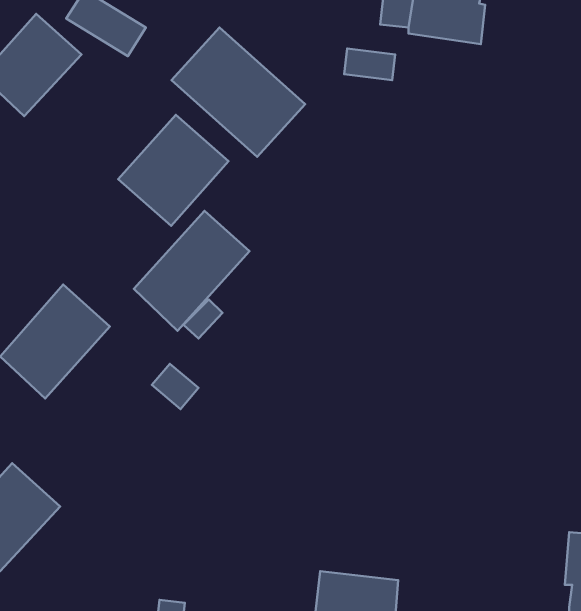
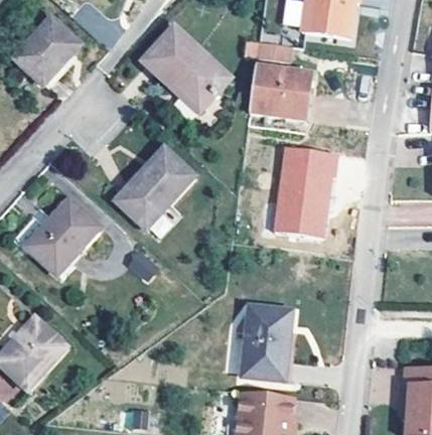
building: none -> [248,66,309,119]
building: [118,115,229,226] -> none
building: none -> [276,147,338,237]
building: none -> [241,307,291,382]

